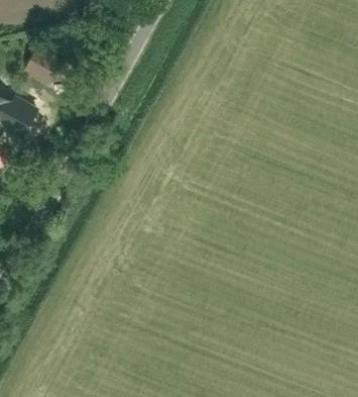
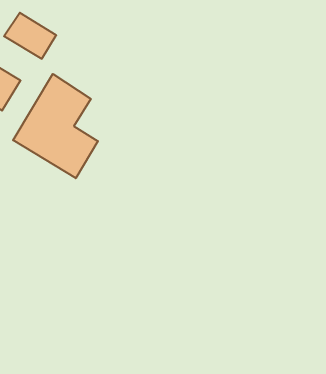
building: none -> [13,74,98,178]

